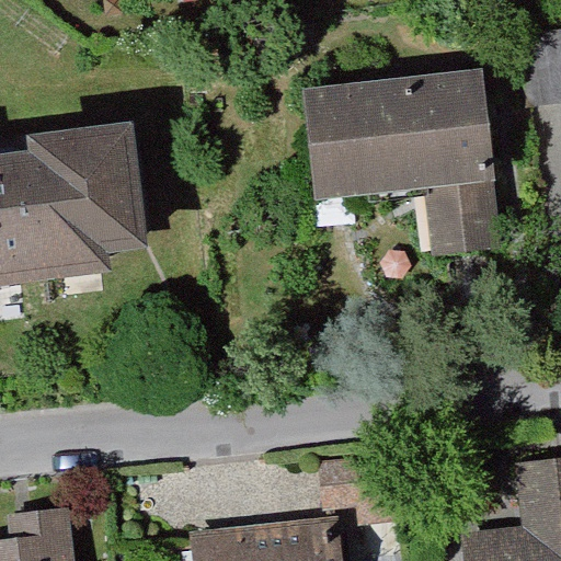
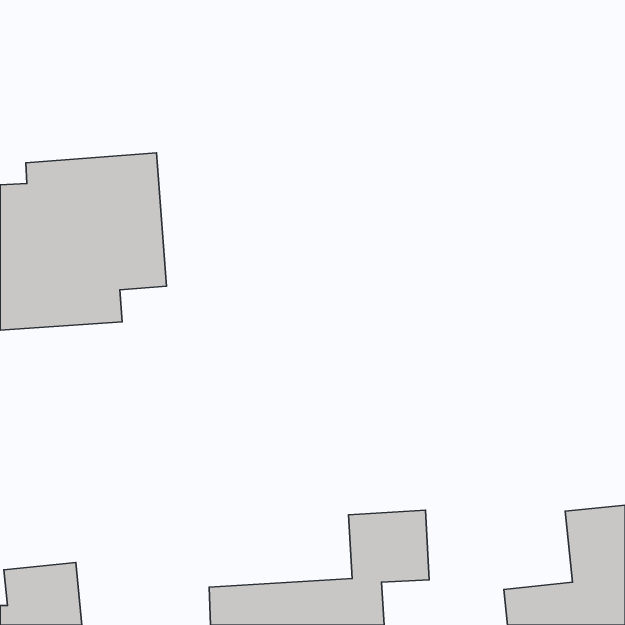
building: [304,77,488,252] -> none

